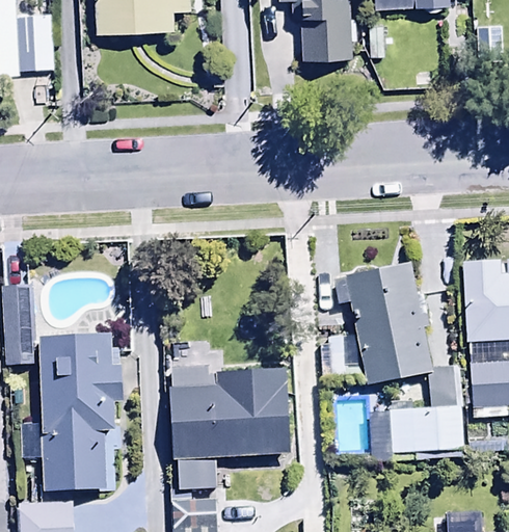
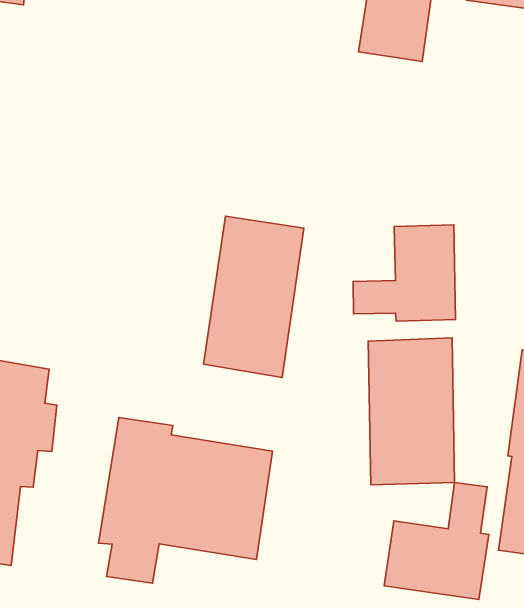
building: none -> [353,225,456,321]
building: none -> [204,216,304,378]

